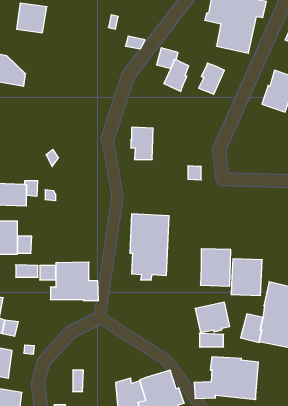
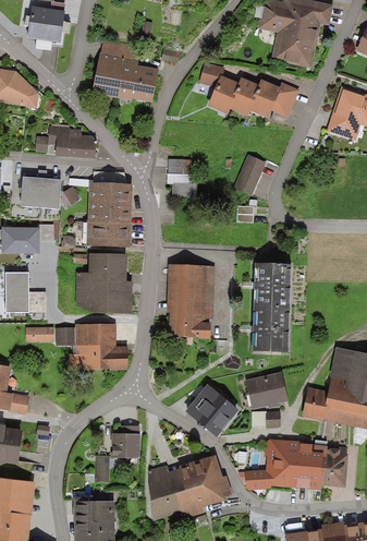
building: none -> [91,36,158,100]
building: none -> [230,77,258,116]
building: none -> [271,82,298,117]
building: none -> [35,123,95,158]
building: none -> [233,154,266,195]
building: none -> [21,177,60,208]
building: none -> [86,183,132,248]
building: none -> [76,253,132,314]
building: [231,259,262,295] -> [253,263,291,308]
building: none -> [184,384,238,437]
building: none -> [111,425,139,458]
building: none -> [319,445,348,488]

